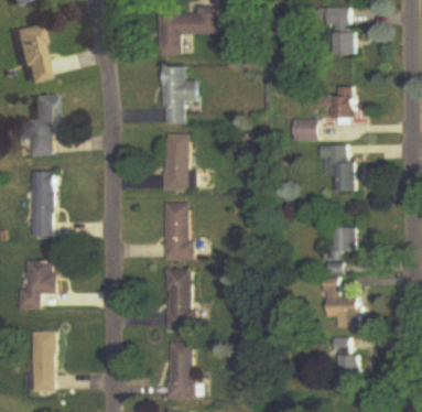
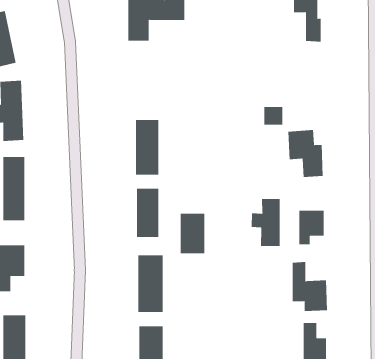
building: [162,67,196,124] -> none
building: [331,87,356,118] -> none
building: none -> [251,198,280,247]
building: none -> [180,213,205,254]

